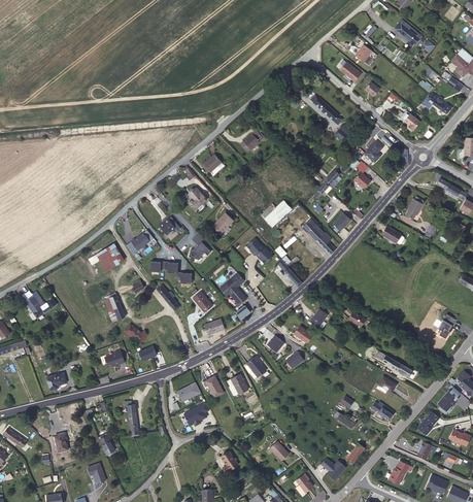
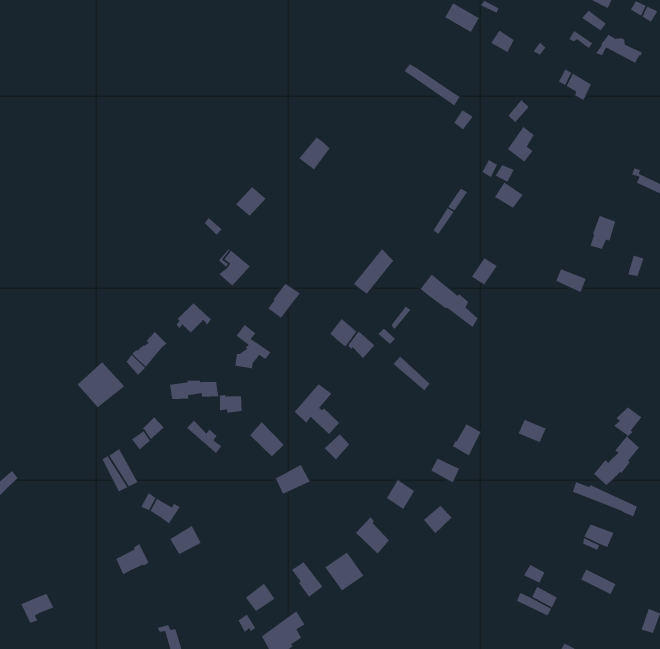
building: none -> [593,406,643,486]

